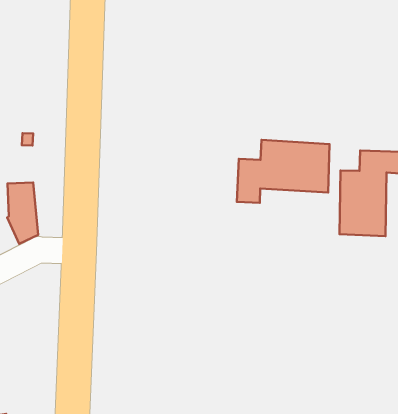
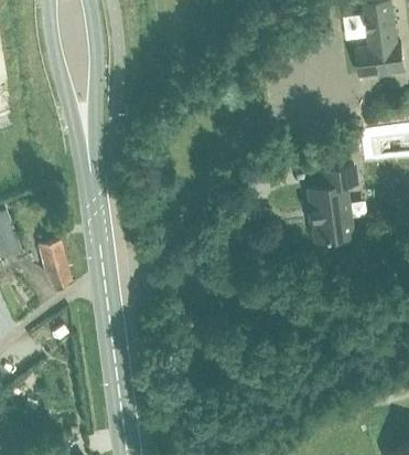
building: [237,140,330,203] -> none

